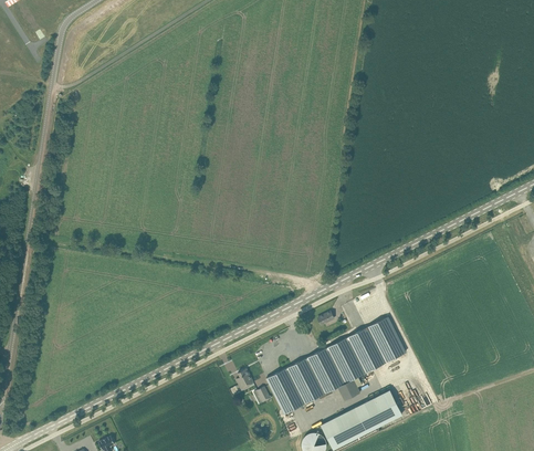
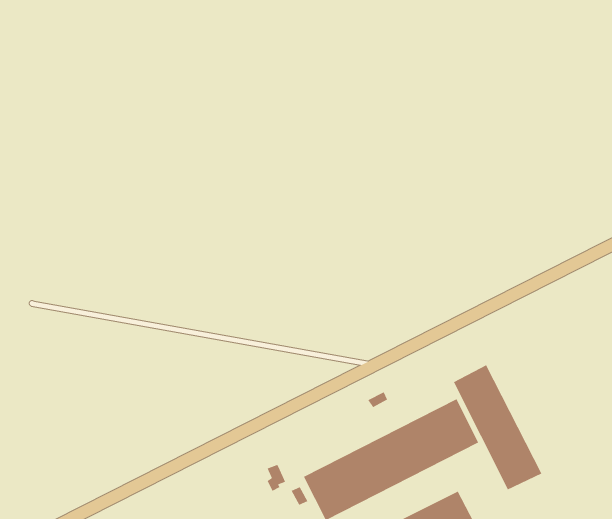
building: none -> [453,364,542,490]

